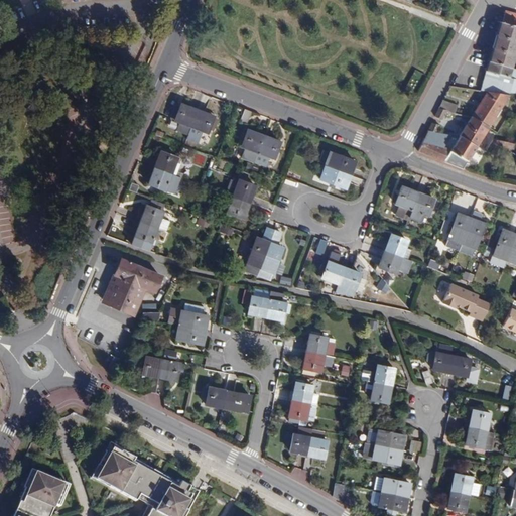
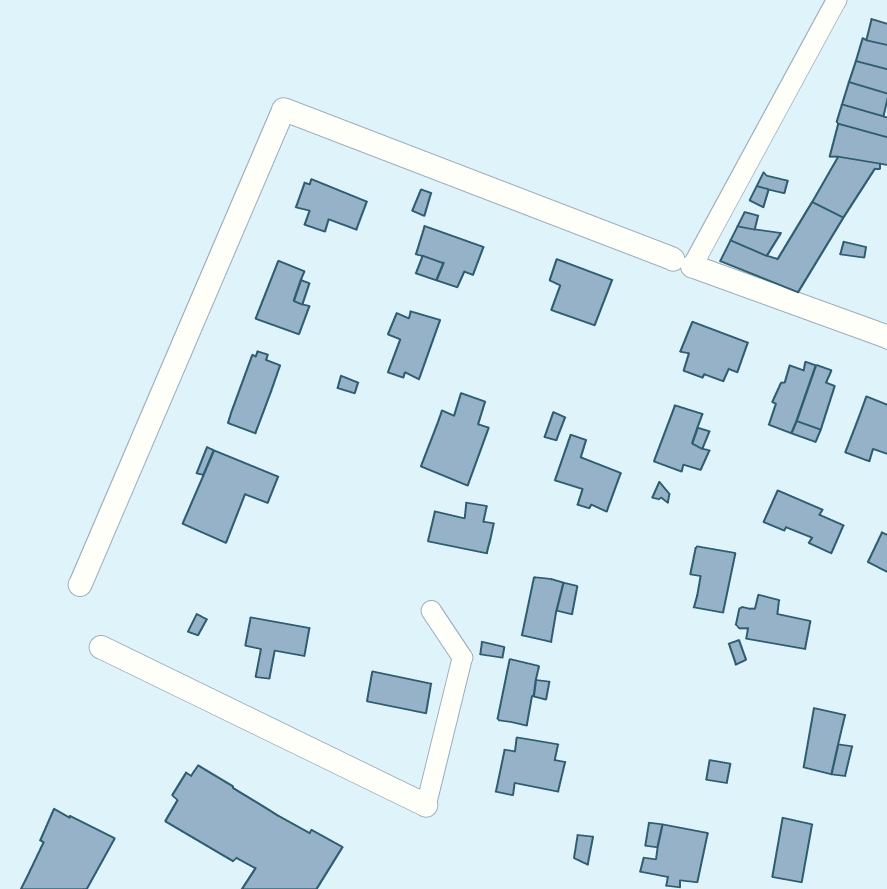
building: [170,303,209,345] -> none
building: [369,365,395,403] -> [690,546,735,612]
building: [364,430,405,465] -> none

